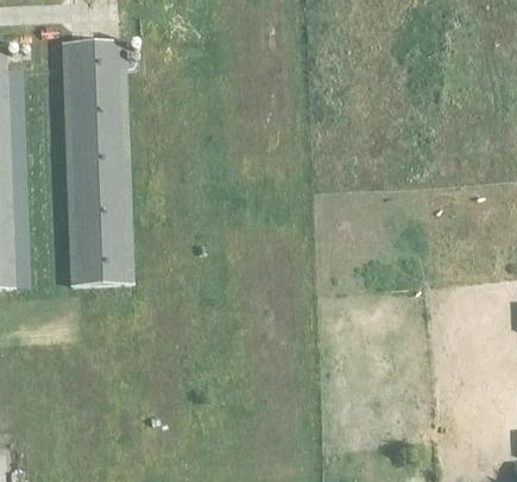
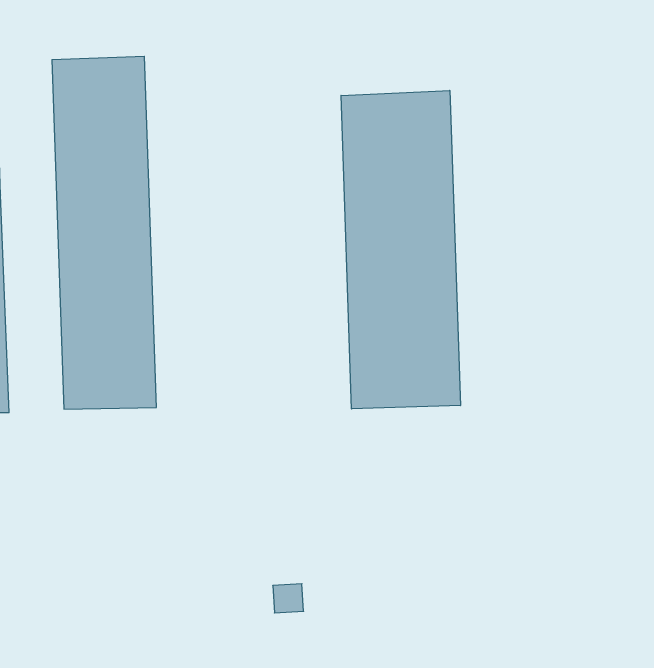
building: none -> [341,90,460,409]

